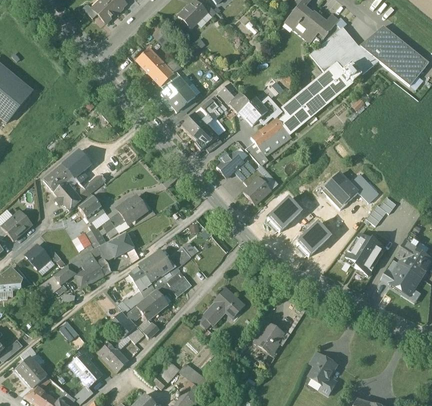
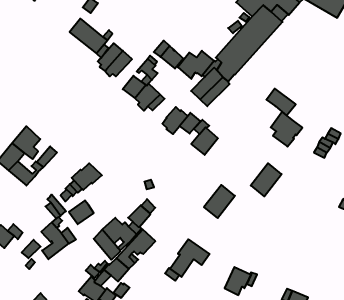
building: [350,173,379,202] -> [266,89,296,115]
building: [78,193,105,221] -> none
building: [268,197,301,230] -> [204,185,235,218]
building: [345,232,385,275] -> none

